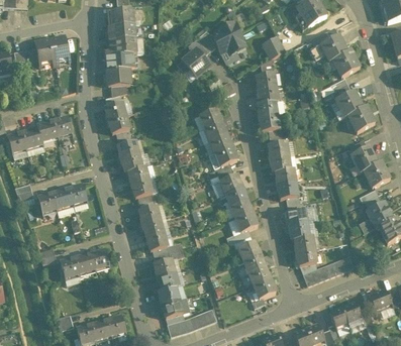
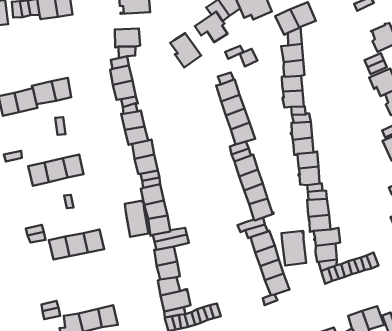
building: [311,36,346,62] -> none
building: none -> [170,33,201,67]
building: none -> [125,200,148,237]
building: none -> [282,231,306,265]

